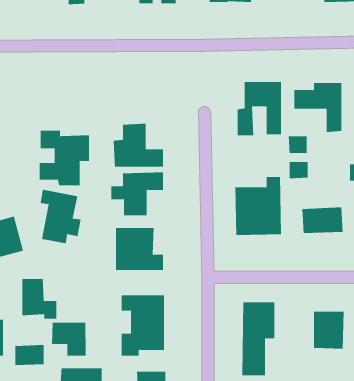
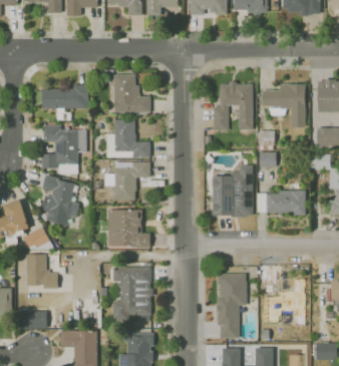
building: none -> [113,74,149,112]
building: none -> [41,86,88,108]
building: none -> [22,227,49,251]
building: [52,322,86,356] -> none

